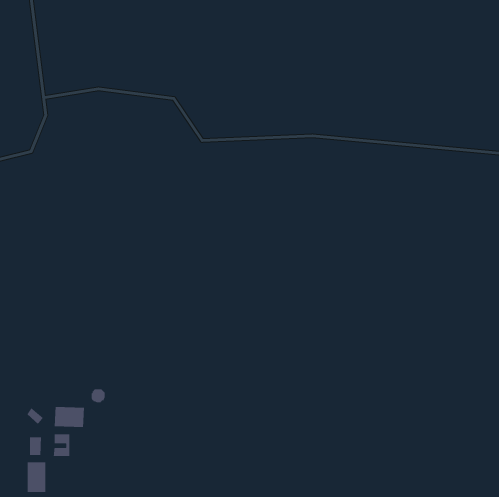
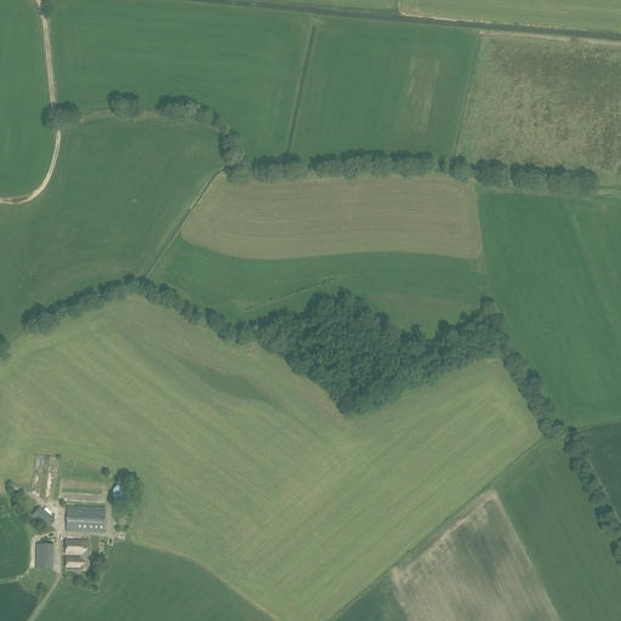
building: [27,462,46,493] -> none

